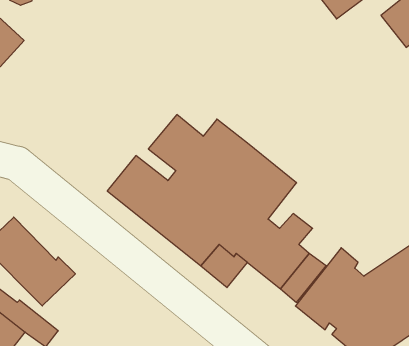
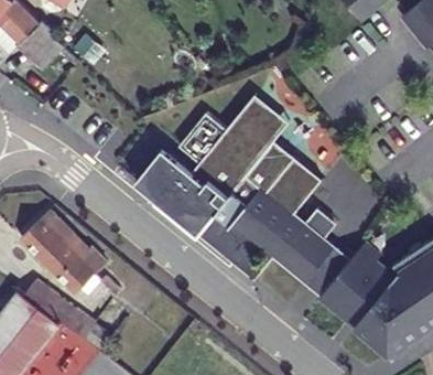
building: none -> [226,95,289,141]

